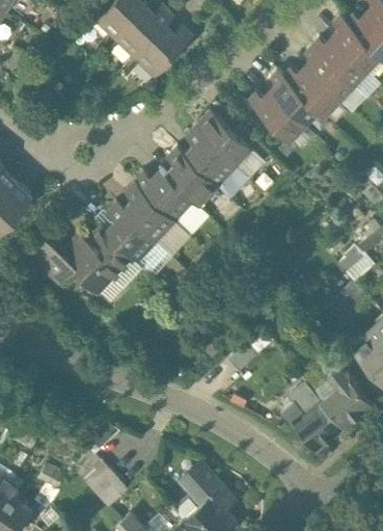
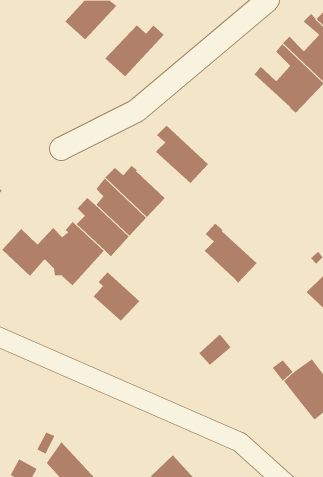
building: [113,9,173,62] -> none
building: [248,72,319,142] -> none
building: [195,112,252,168] -> none
building: [165,148,219,209] -> [204,223,257,284]
building: none -> [93,271,140,322]
building: [283,400,344,450] -> none

